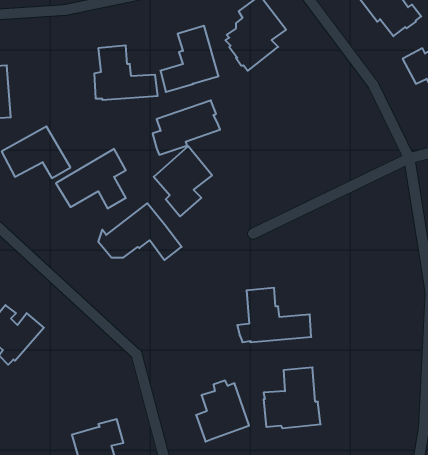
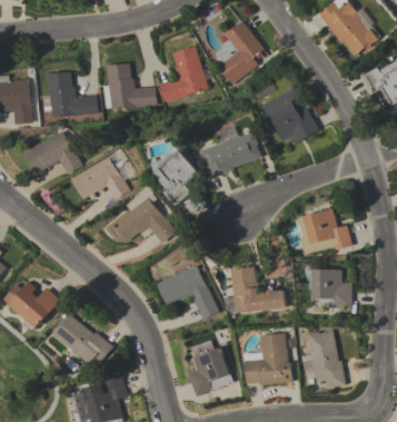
building: none -> [42,71,97,117]
building: none -> [262,87,318,144]
building: [153,100,220,155] -> [205,131,261,177]
building: none -> [298,208,351,254]
building: none -> [157,265,218,318]
building: none -> [311,268,351,312]
building: none -> [52,313,112,363]
building: none -> [308,330,345,386]

